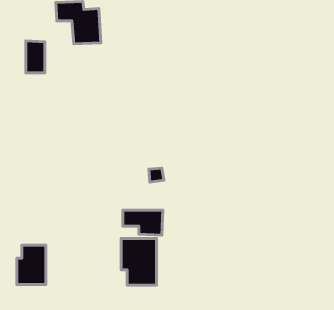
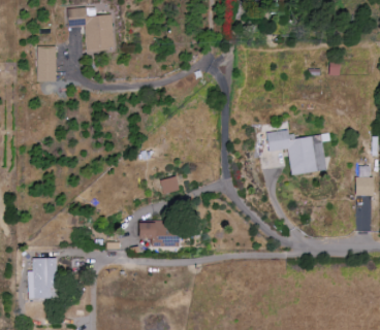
building: none -> [266,130,329,175]
building: [121,239,157,285] -> none

